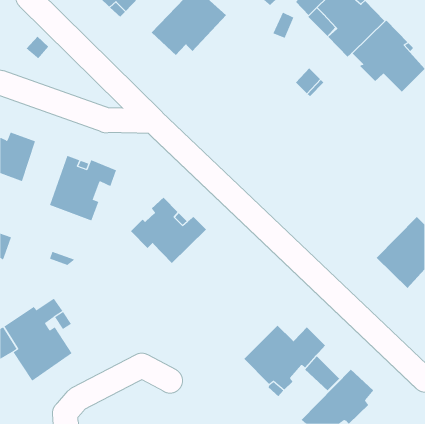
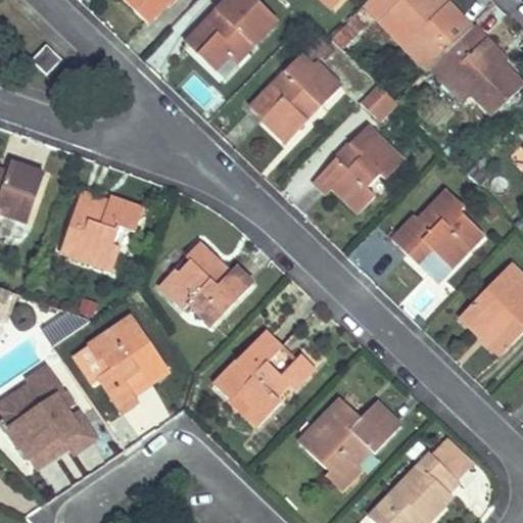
building: none -> [251,35,339,141]
building: none -> [312,124,403,212]
building: none -> [391,188,481,266]
building: none -> [87,314,169,412]
building: none -> [213,331,314,424]
building: [304,355,340,391] -> [430,434,474,478]

